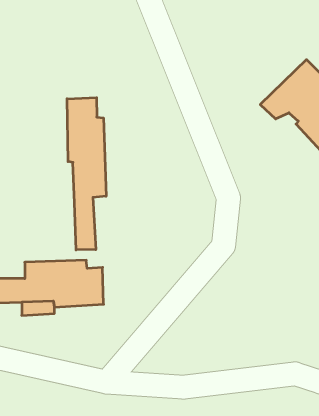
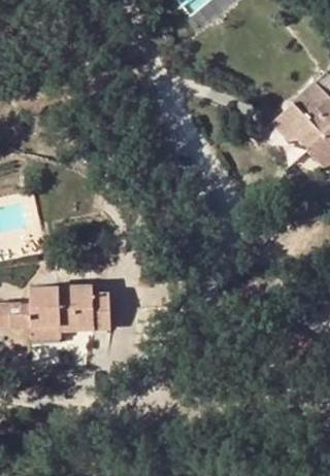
building: [67,98,106,250] -> none

